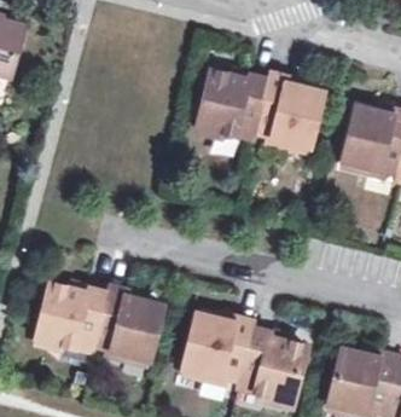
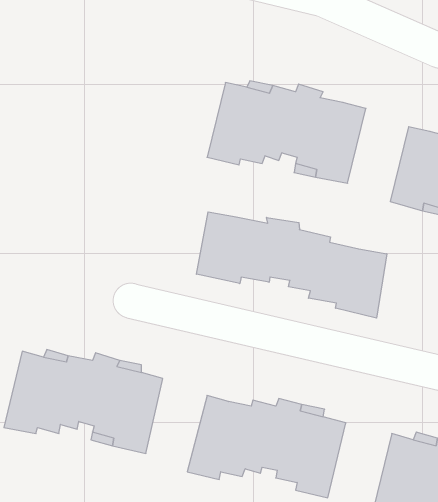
building: none -> [196,212,387,318]

